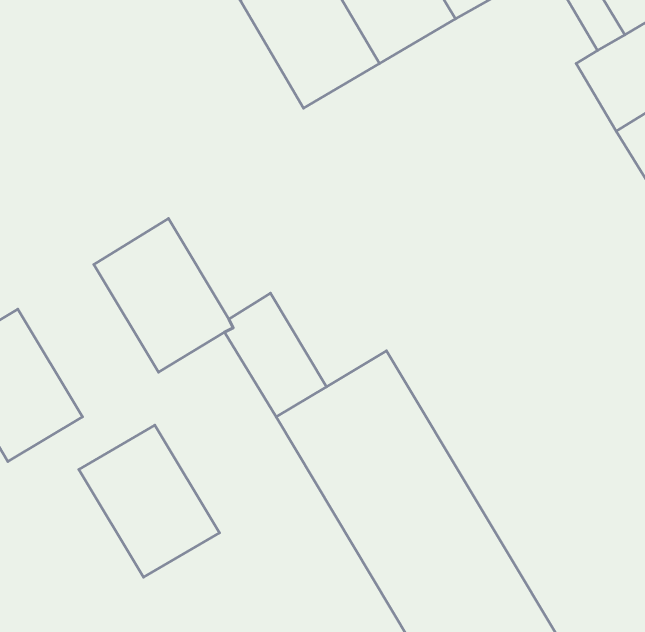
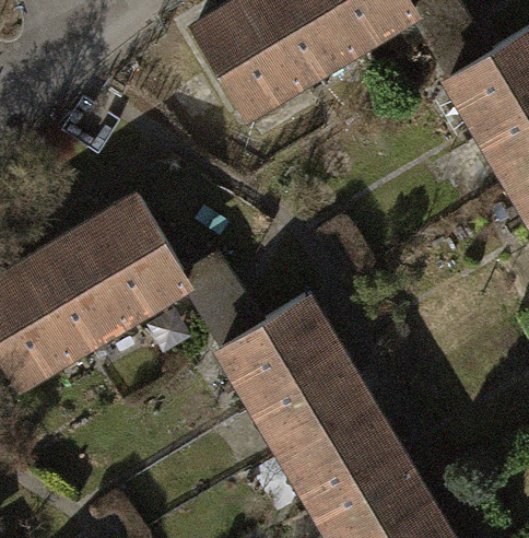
building: [79,425,219,577] -> [21,233,128,349]

